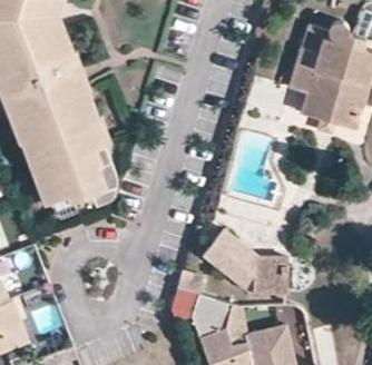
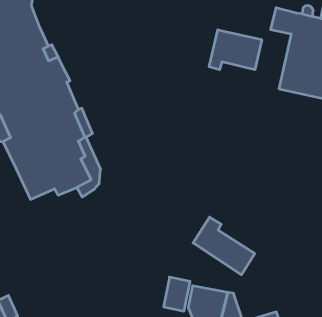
building: none -> [209,30,262,70]
building: [232,241,292,295] -> none

